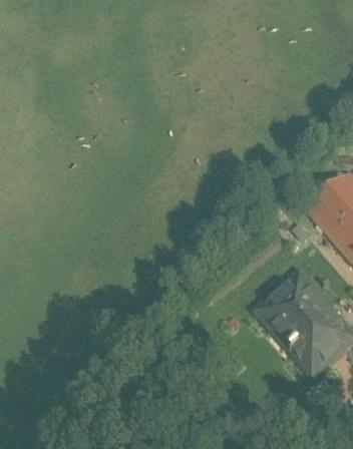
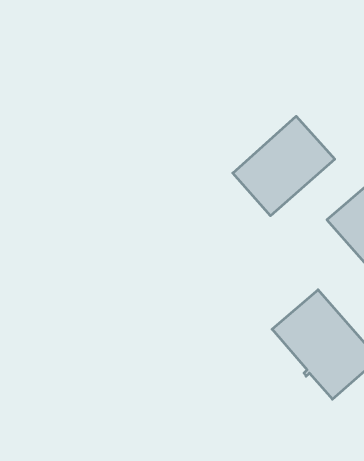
building: none -> [233,116,335,216]

